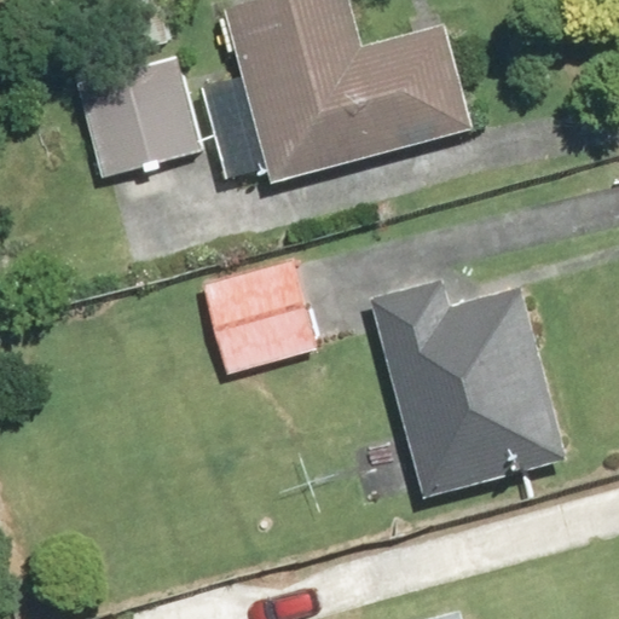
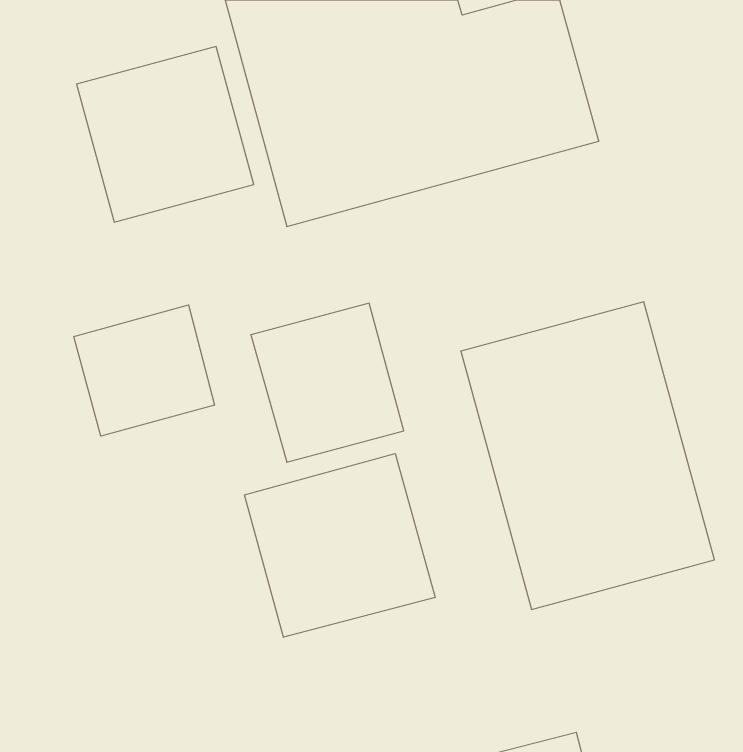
building: none -> [74,305,214,436]
building: none -> [244,454,435,637]

